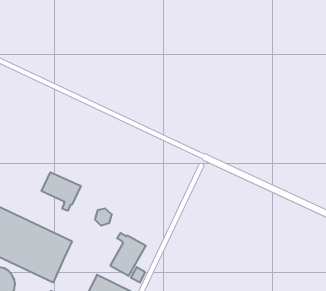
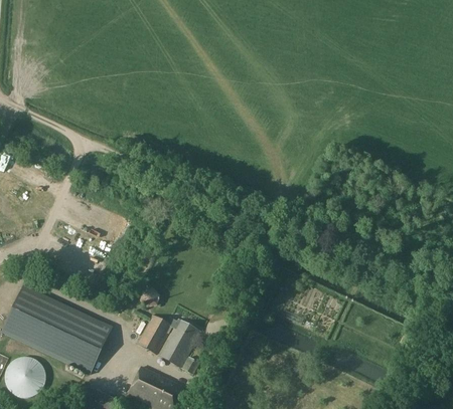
building: [42,172,81,211] -> none
building: none -> [136,314,172,353]

